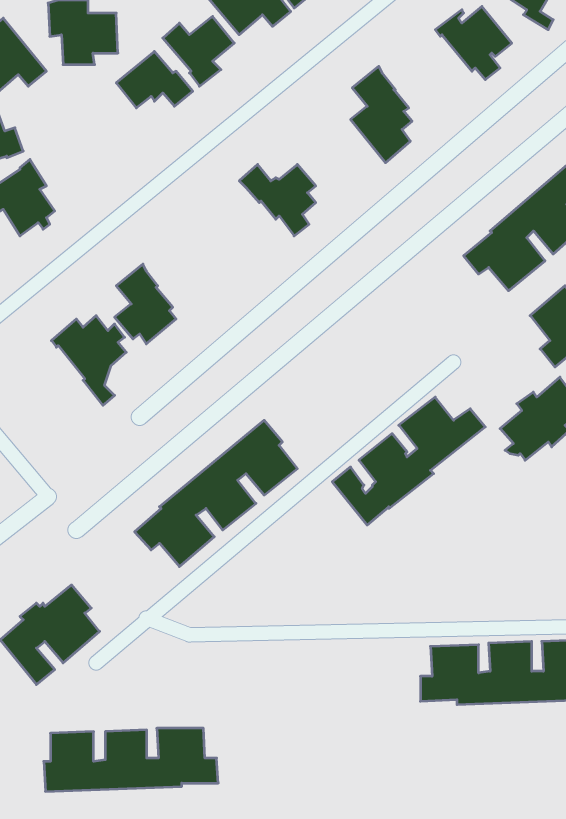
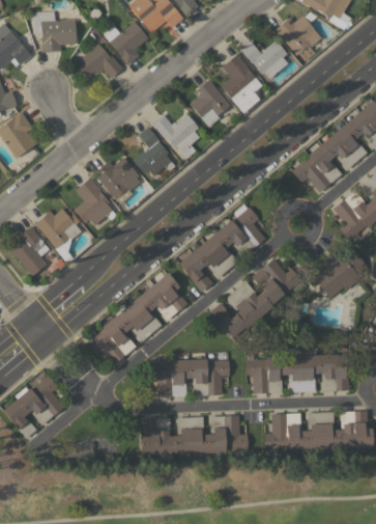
building: none -> [240,40,288,79]
building: none -> [190,79,230,127]
building: none -> [133,127,175,176]
building: none -> [92,158,140,204]
building: none -> [177,204,265,292]
building: none -> [10,226,54,276]
building: none -> [242,355,350,393]
building: none -> [148,359,226,397]
building: [44,728,218,791] -> [139,416,248,456]

